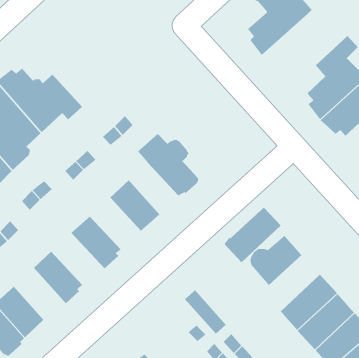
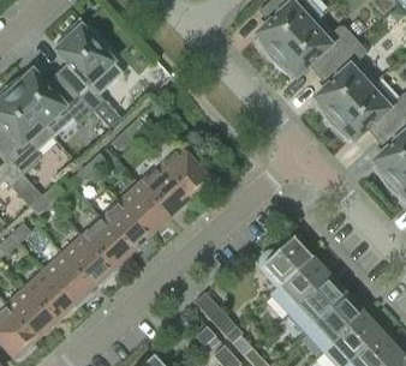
building: none -> [56,18,121,110]
building: none -> [270,18,356,77]
building: none -> [138,166,187,217]
building: none -> [100,200,150,252]
building: [223,206,281,263] -> [270,257,328,313]
building: none -> [61,235,114,287]
building: none -> [24,270,76,322]

